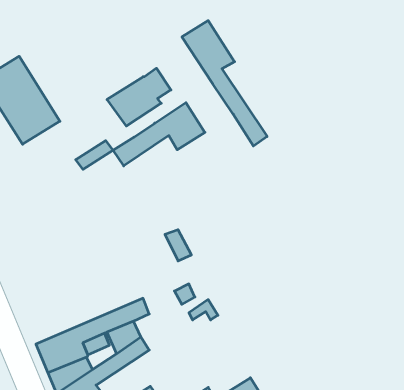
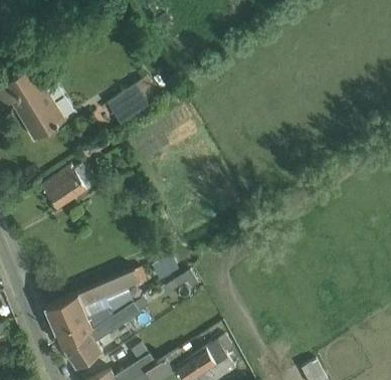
building: [182,21,267,146] -> none
building: [113,103,205,166] -> none
building: none -> [39,166,93,211]

